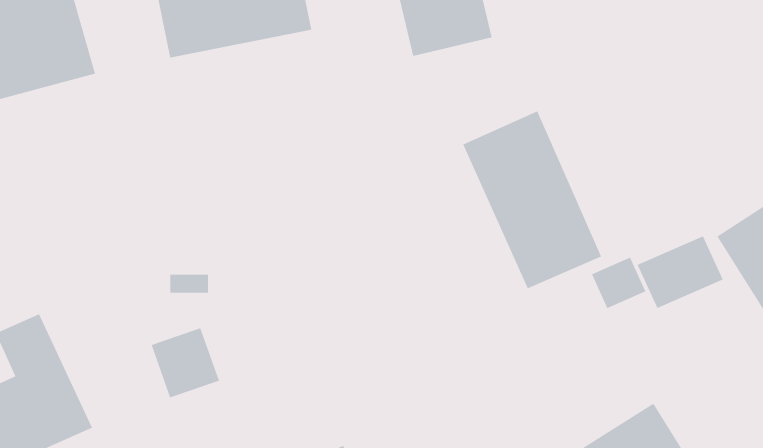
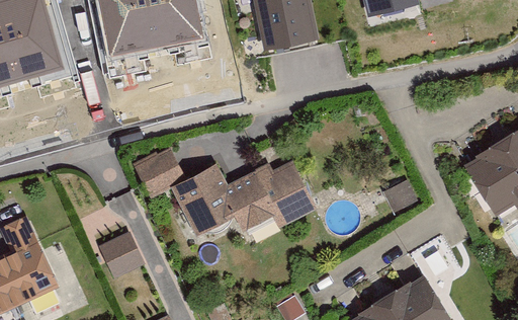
building: [462,110,602,289] -> none
building: none -> [137,149,319,242]
building: [637,235,723,309] -> none

